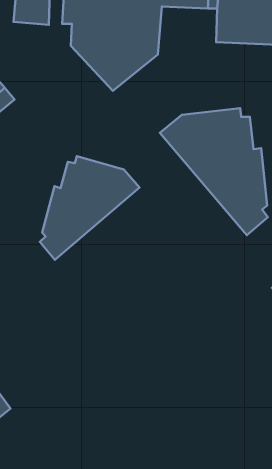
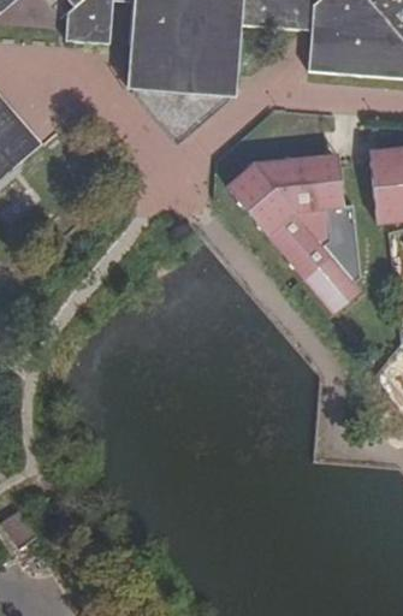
building: [40,156,140,260] -> none

